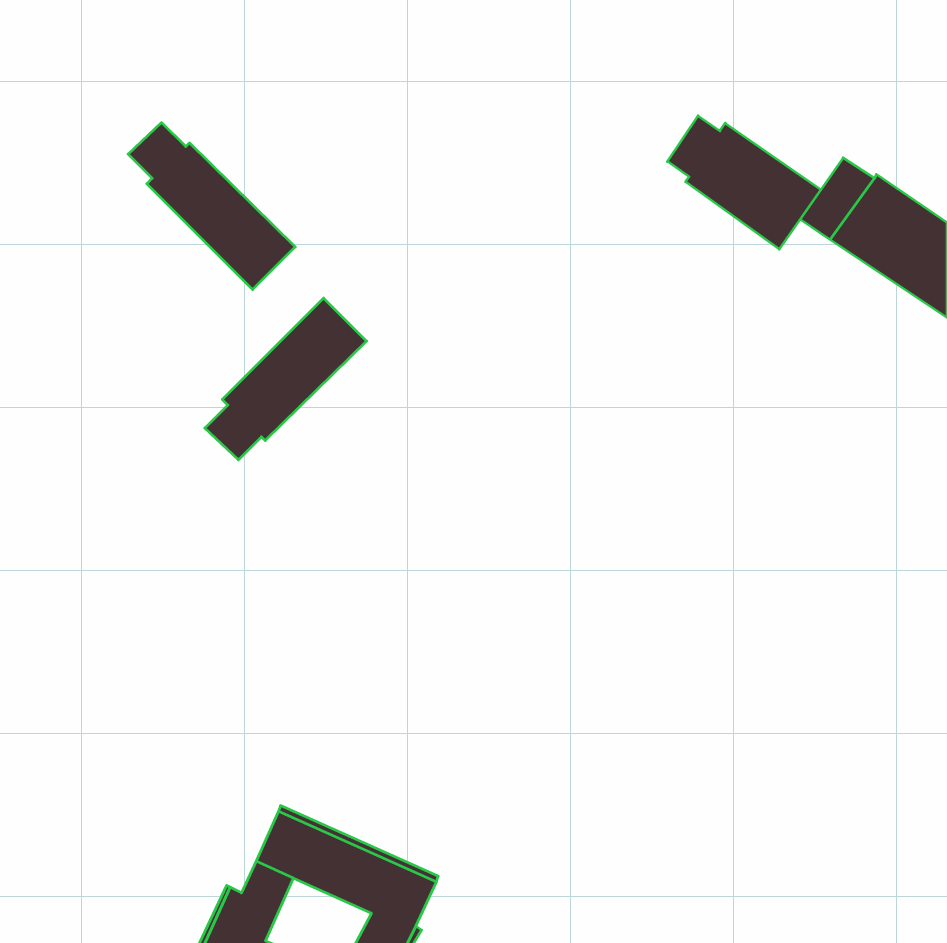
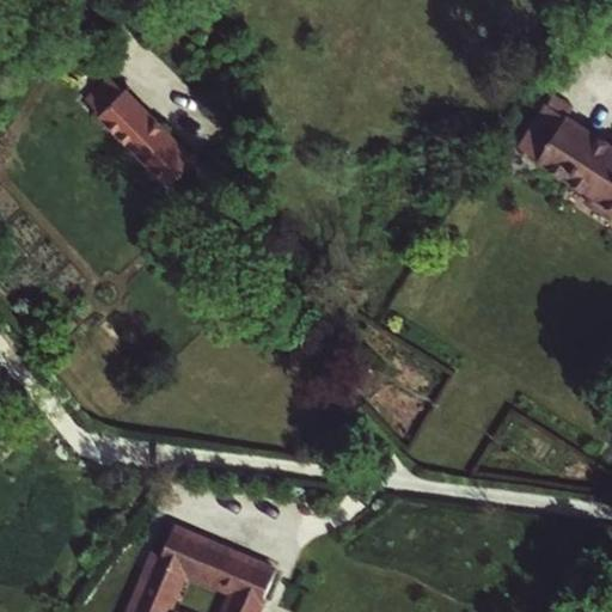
building: [667,116,821,249] -> none
building: [205,298,367,460] -> none

